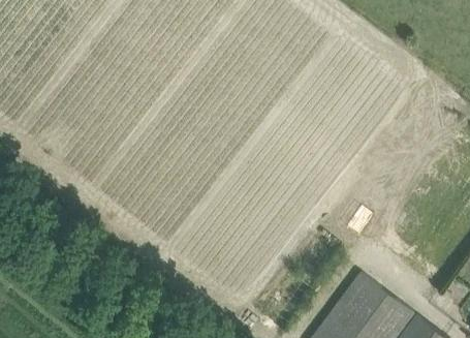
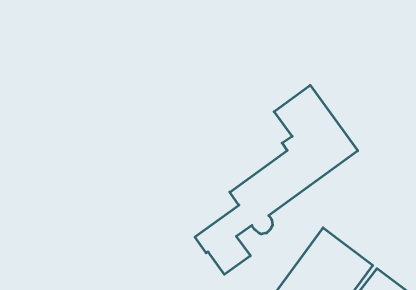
building: none -> [195,85,358,274]

